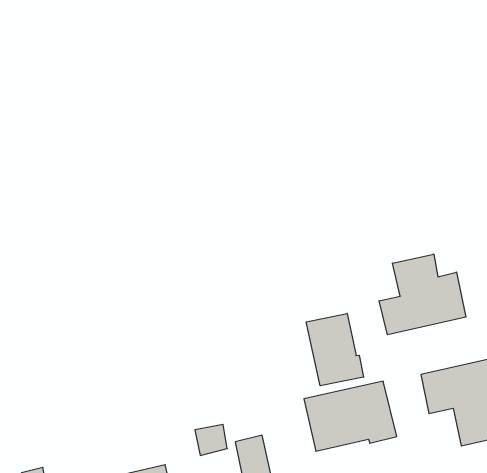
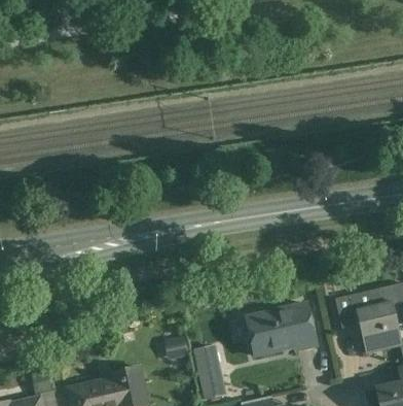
building: [379,254,466,335] -> none
building: [306,313,364,386] -> none

